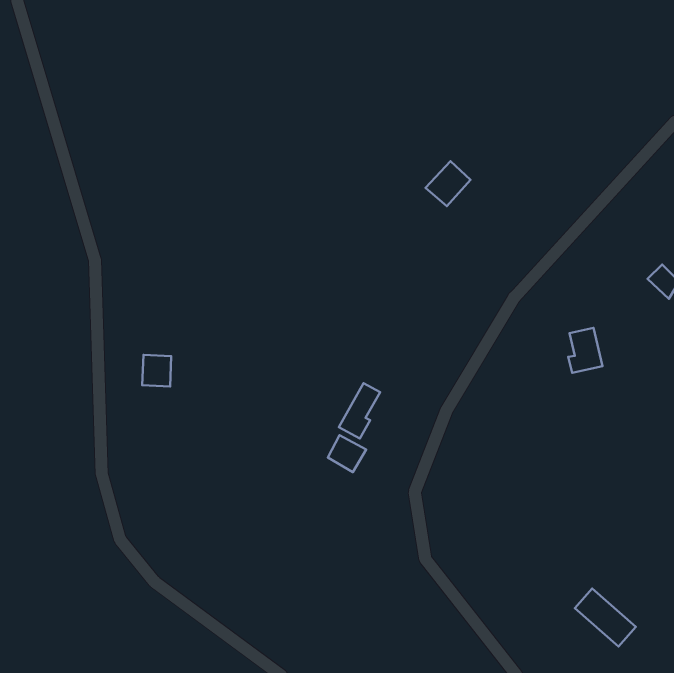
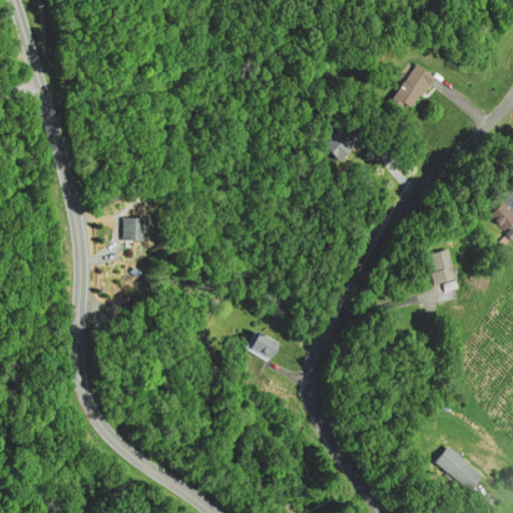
building: none -> [392,63,436,107]
building: [142,355,171,387] -> [121,216,143,240]
building: [339,383,380,438] -> none

